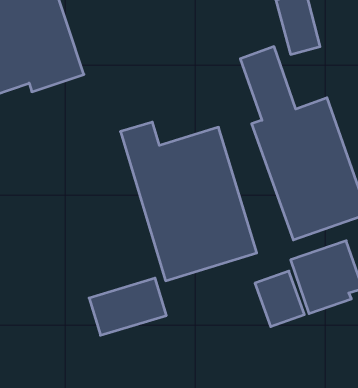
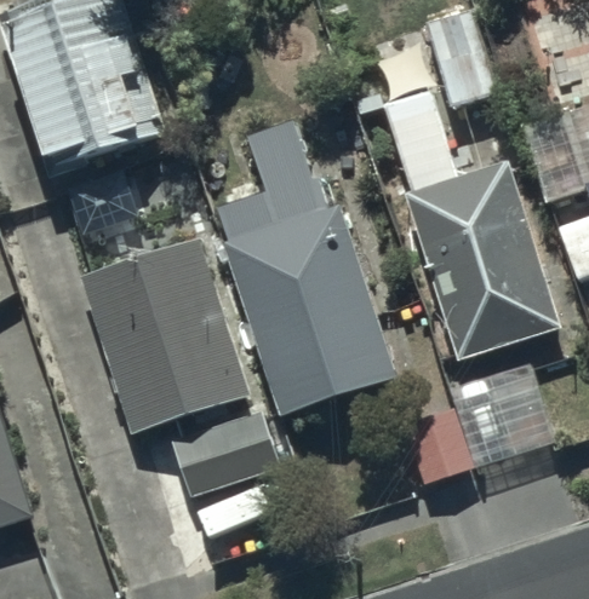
building: none -> [75,240,248,433]

